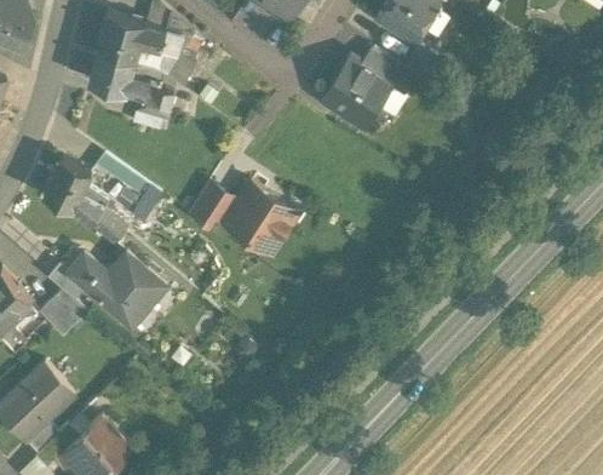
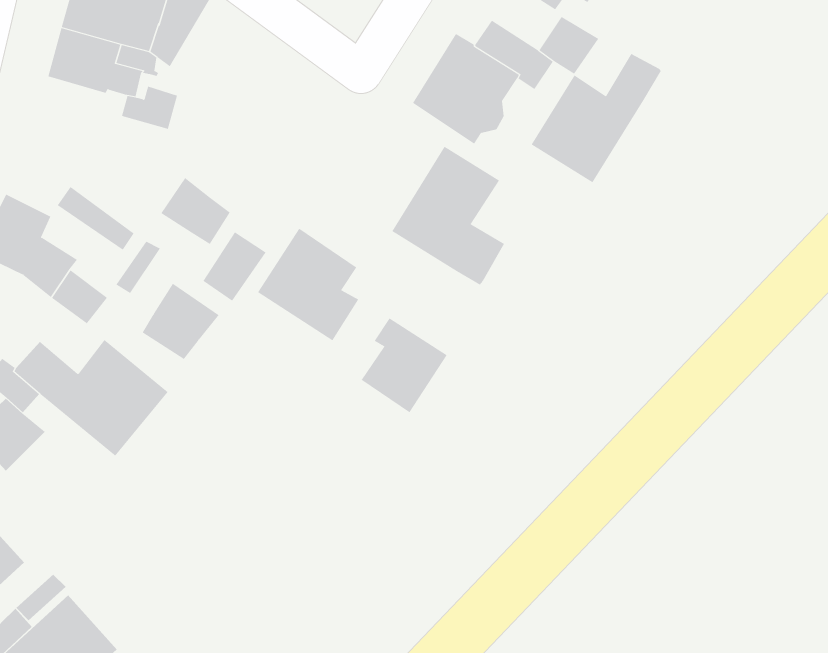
building: none -> [531,53,662,183]
building: none -> [391,146,505,285]
building: none -> [160,177,231,245]
building: none -> [142,283,220,360]
building: none -> [361,318,447,413]

